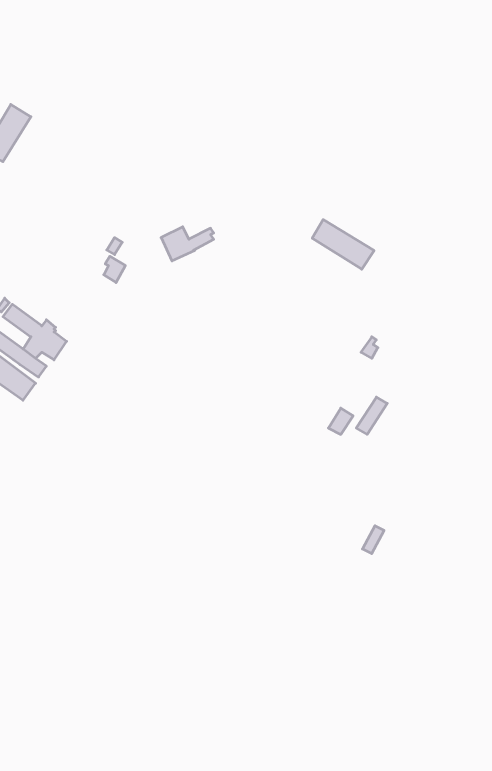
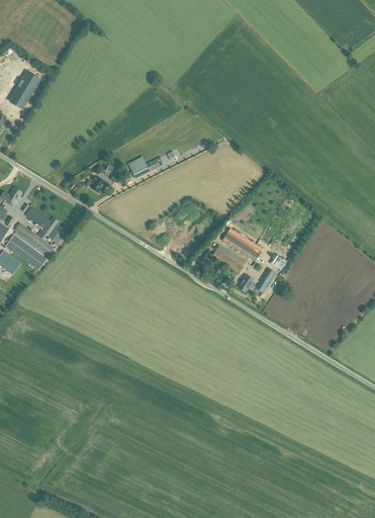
building: [312,220,374,269] -> [222,228,263,260]
building: none -> [211,244,246,273]

